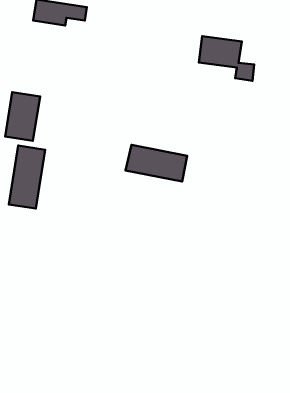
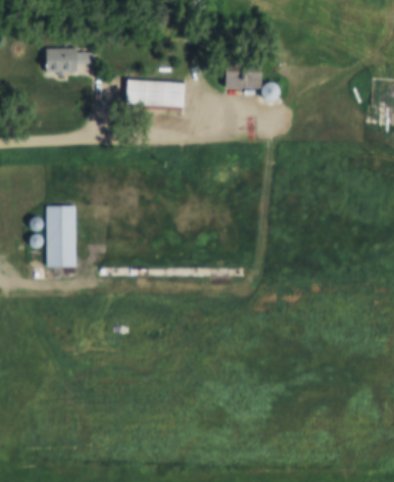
building: [5,92,40,141] -> none
building: [125,145,187,182] -> [122,80,184,109]

